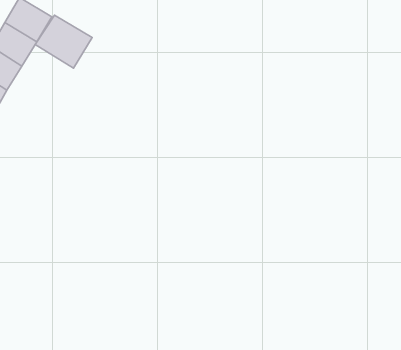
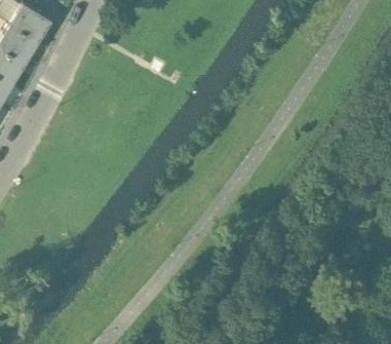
building: [35,15,92,68] -> none

